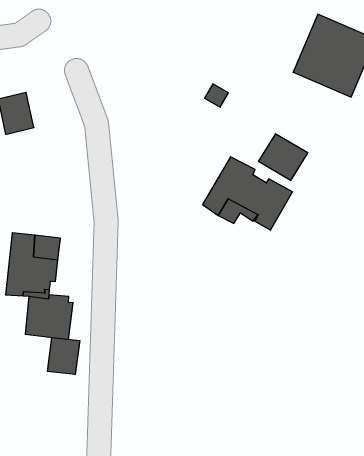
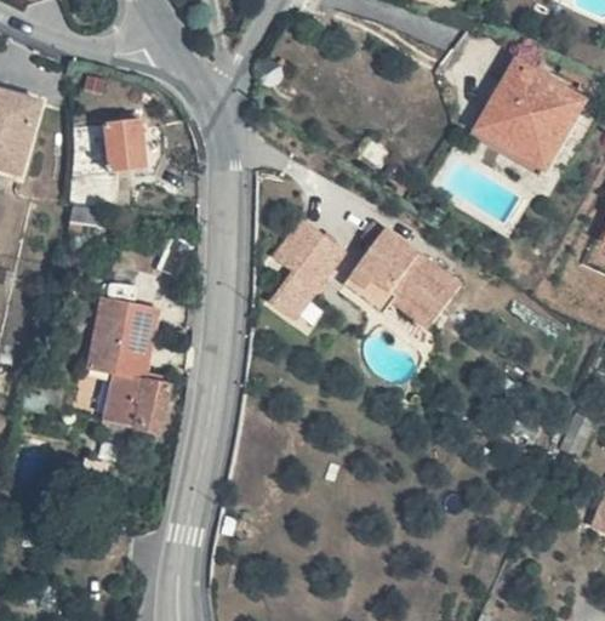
building: [259,134,308,180] -> none
building: none -> [268,218,346,320]
building: [47,337,80,375] -> none

